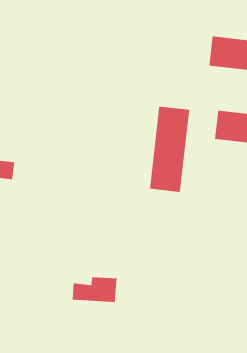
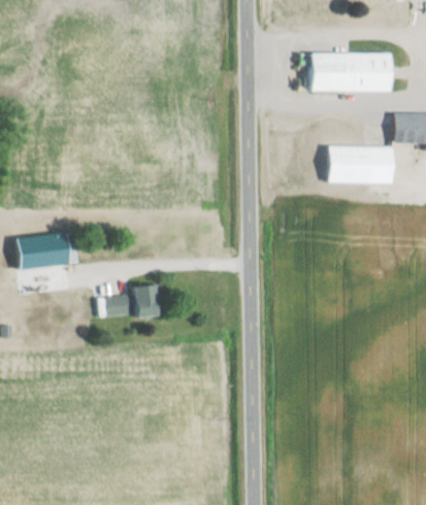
building: [149,106,190,193] -> none
building: [72,277,118,303] -> [104,283,161,317]

